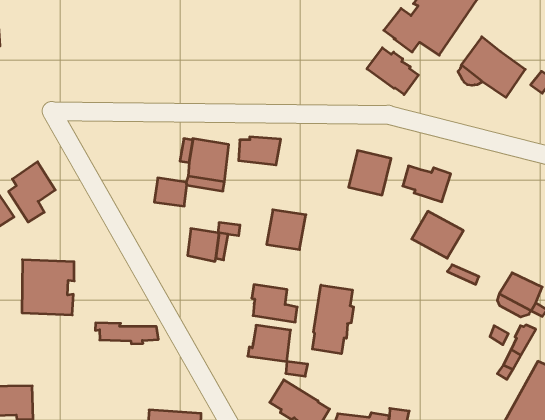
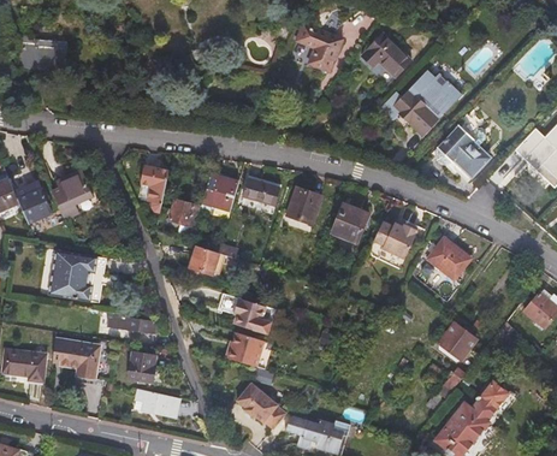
building: [367,48,418,95] -> none
building: none -> [140,162,170,213]
building: [267,210,306,250] -> [286,188,322,224]
building: [412,211,463,258] -> [427,238,470,279]
building: [312,285,354,354] -> none
building: none -> [53,339,99,377]
building: none -> [128,351,154,383]

